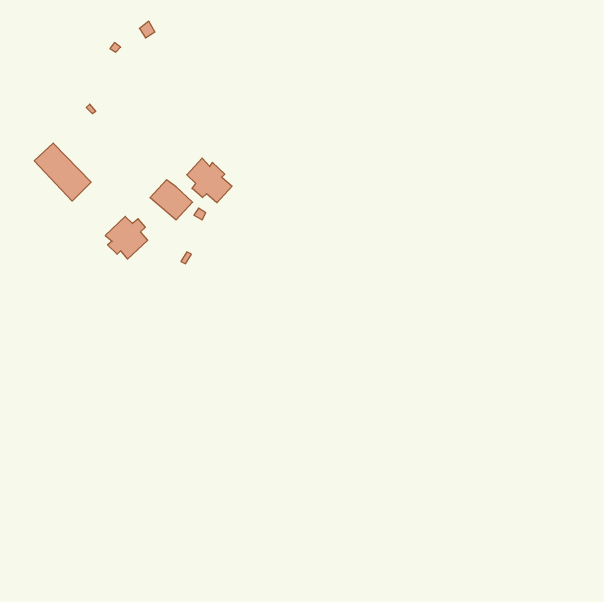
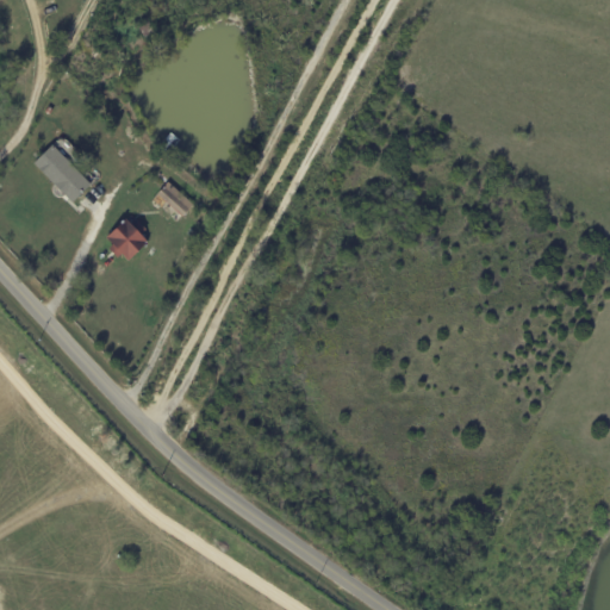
building: [187,158,232,203] -> none

